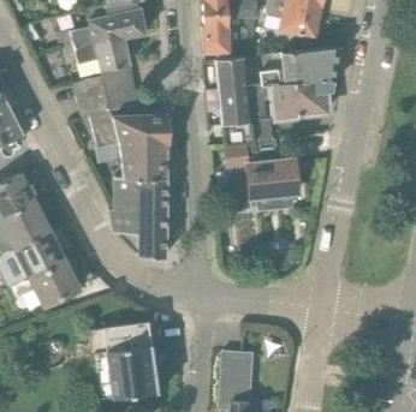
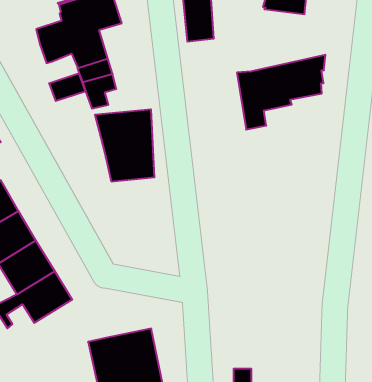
building: [261,46,338,86] -> none
building: [215,56,255,149] -> none
building: [77,94,118,148] -> none
building: [225,154,298,208] -> none
building: [111,179,165,257] -> none

